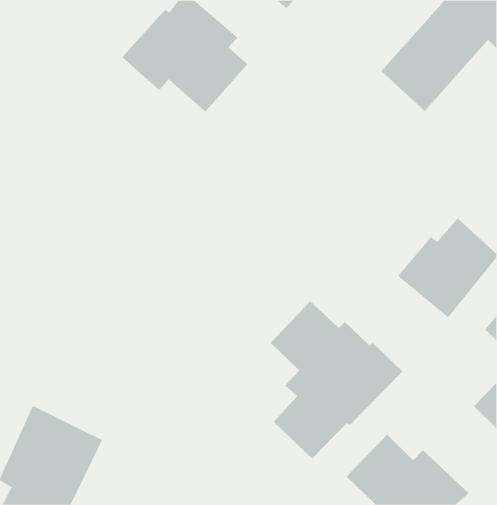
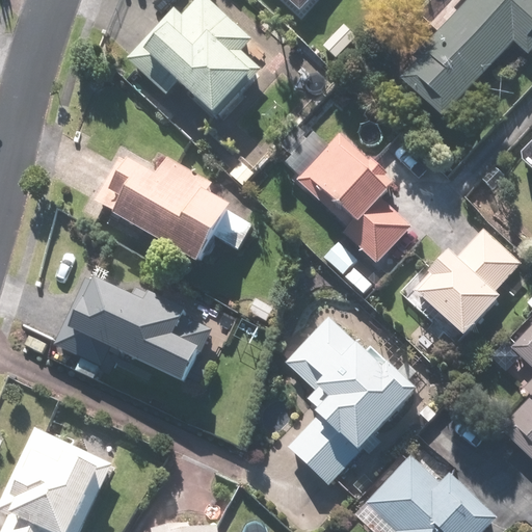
building: none -> [285,128,409,262]
building: none -> [92,150,250,260]
building: none -> [53,271,206,388]

